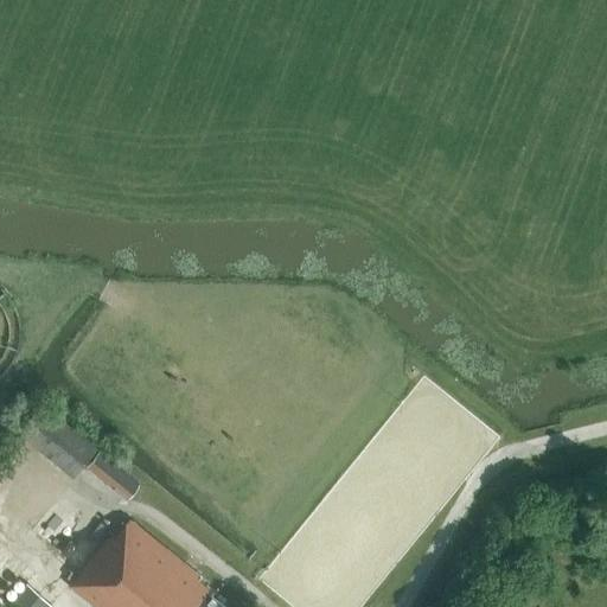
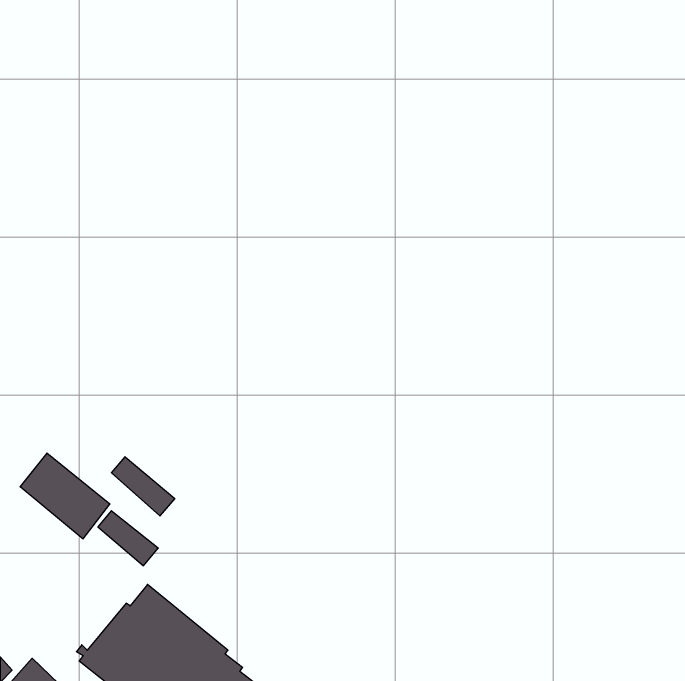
building: none -> [111,457,175,516]

